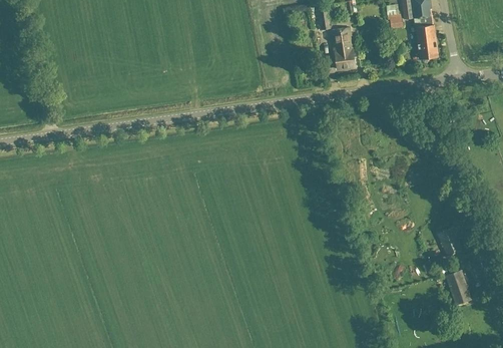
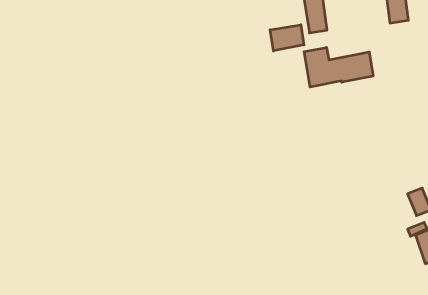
building: none -> [270,25,304,51]
building: none -> [304,47,373,87]

